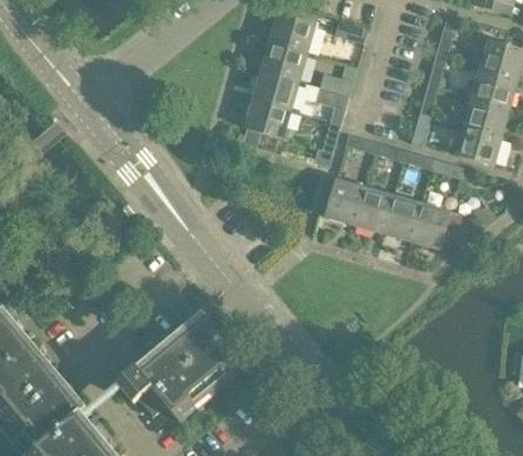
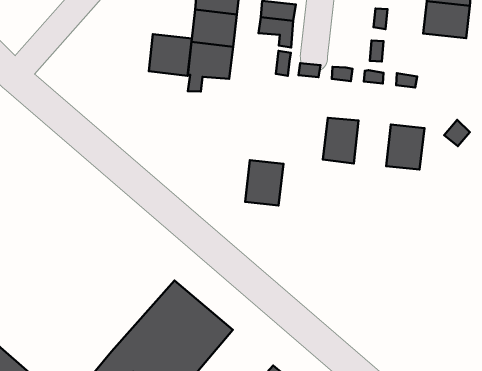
building: none -> [149,34,192,76]
building: [455,126,500,165] -> none
building: [324,179,364,224] -> [245,160,283,205]
building: [381,194,420,239] -> none

